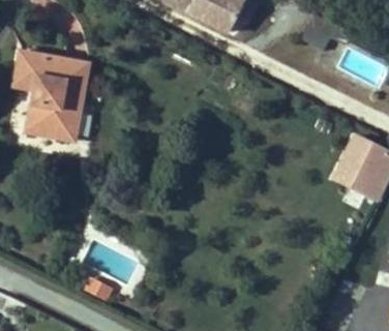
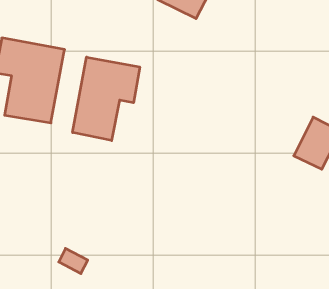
building: none -> [73,57,140,141]

